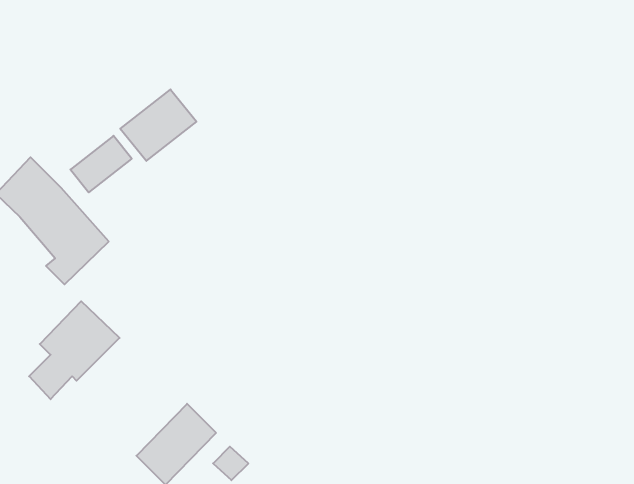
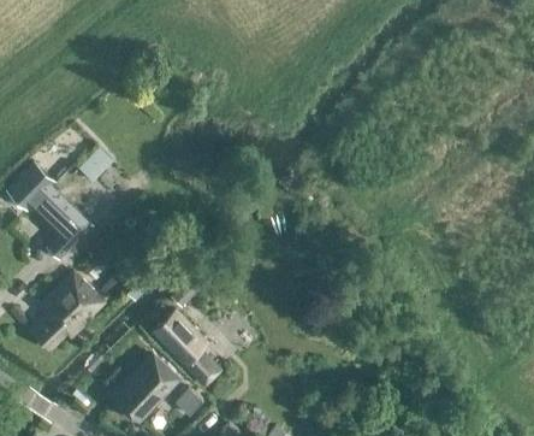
building: [120,89,196,161] -> none
building: none -> [150,311,219,385]

